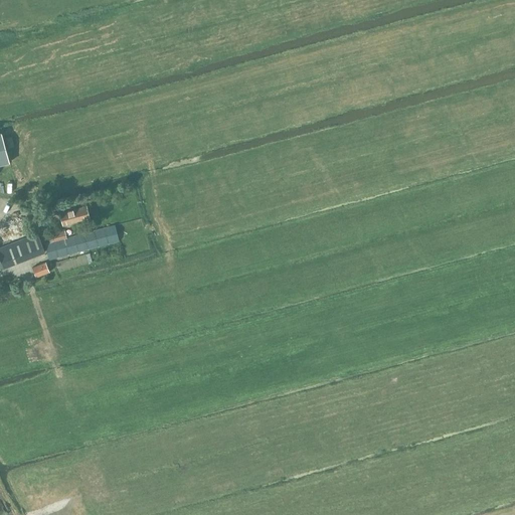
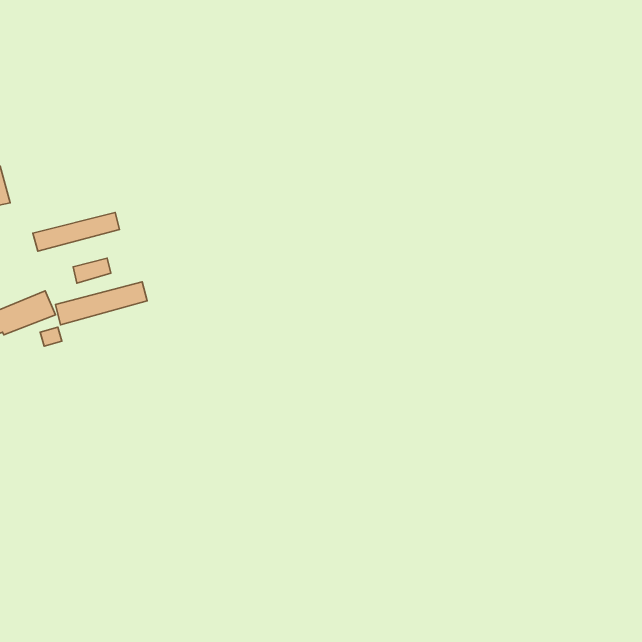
building: none -> [33,213,120,251]

